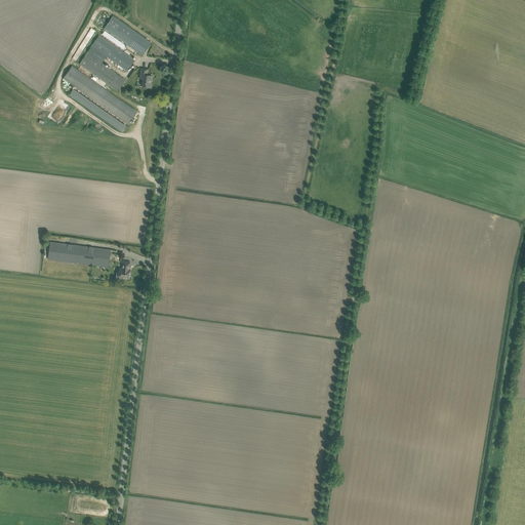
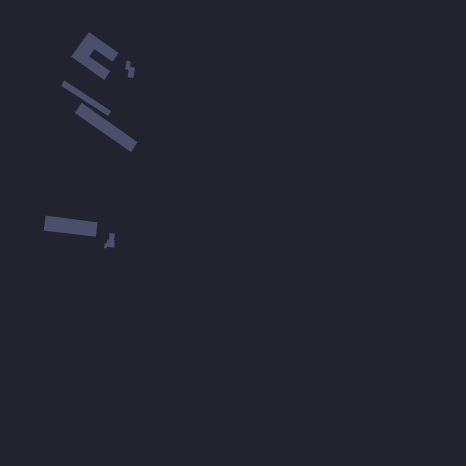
building: [104,15,151,55] -> none
building: [64,67,136,124] -> [74,102,139,153]

